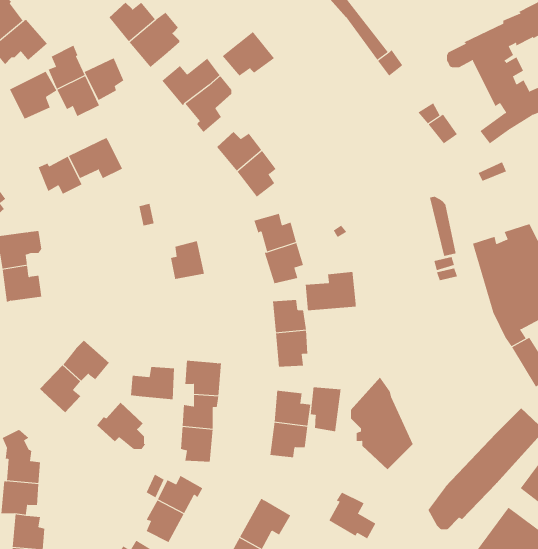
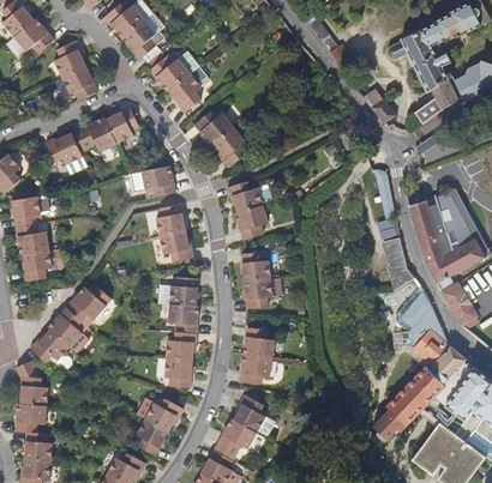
building: [222,31,275,76] -> none
building: [84,58,124,101] -> [104,107,138,143]
building: [9,71,57,119] -> none
building: none -> [142,164,175,195]
building: [305,271,356,311] -> none
building: none -> [160,230,193,261]
building: none -> [383,236,415,289]
building: none -> [23,249,52,282]
building: [130,367,175,400] -> [160,277,197,304]
building: [350,377,413,470] -> [396,285,449,363]
building: [310,386,341,432] -> none
building: [96,402,146,449] -> [29,328,71,368]
building: [329,492,376,539] -> [234,394,274,434]

